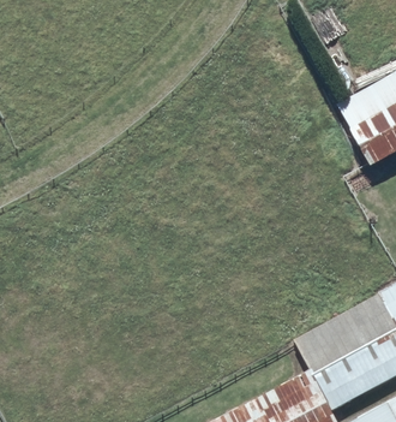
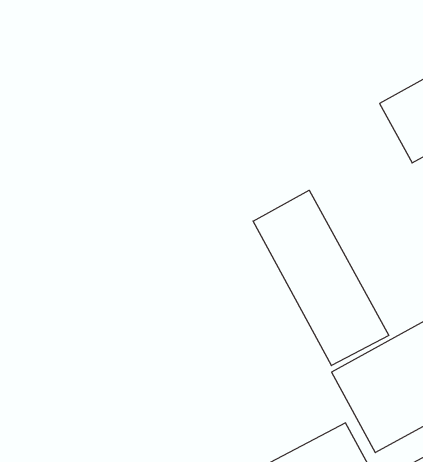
building: none -> [253,190,389,366]

